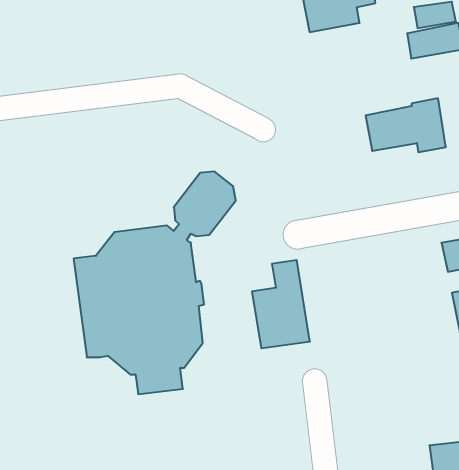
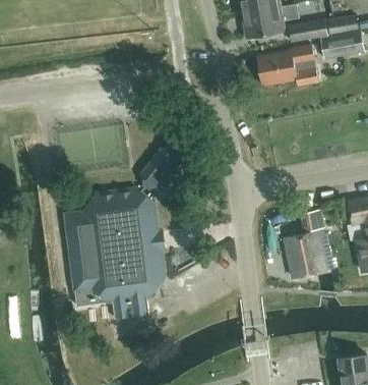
building: none -> [288,19,328,43]
building: [366,98,446,152] -> [256,45,318,87]
building: [252,260,310,348] -> [285,209,329,277]

